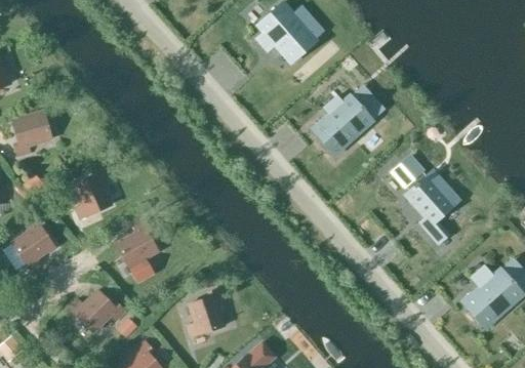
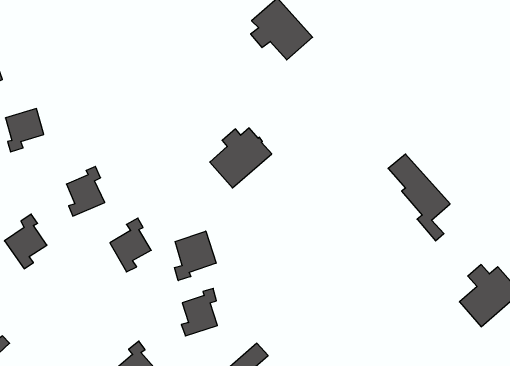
building: [313,94,374,154] -> [210,128,272,188]
building: none -> [175,231,216,281]
building: [70,290,124,331] -> none

